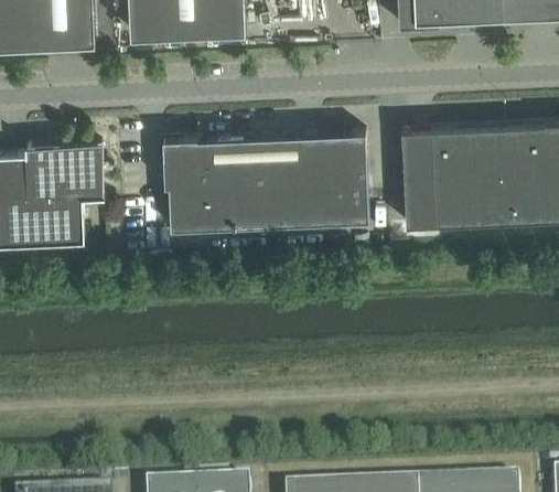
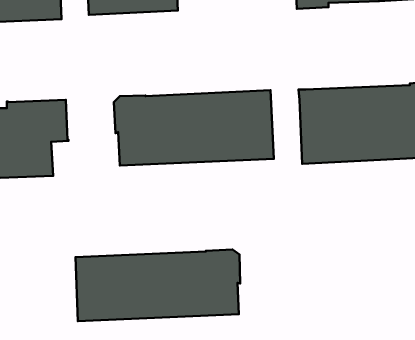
building: none -> [75,249,240,321]

